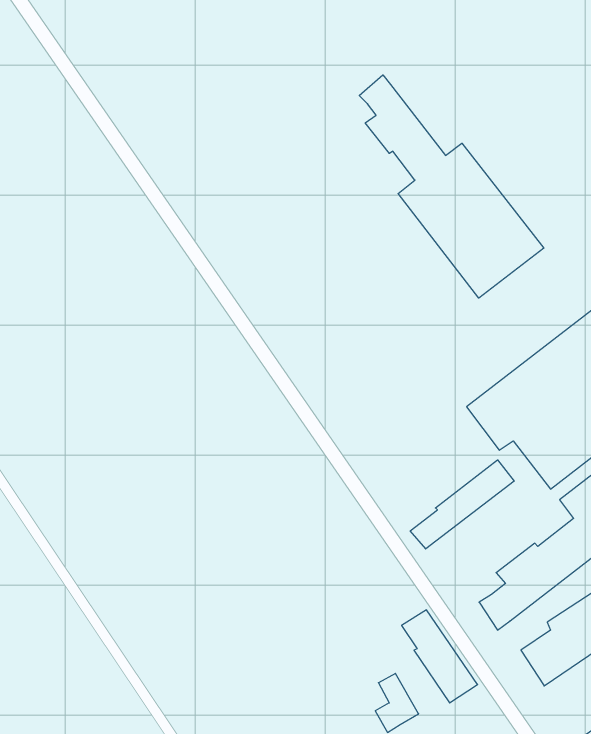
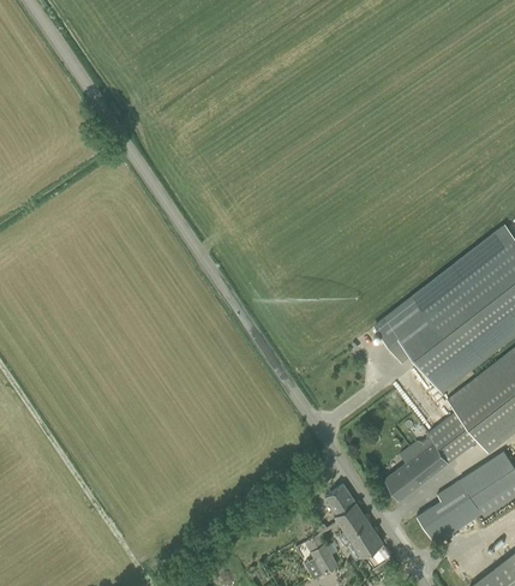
building: [359,75,544,298] -> none
building: [410,460,514,549] -> none

